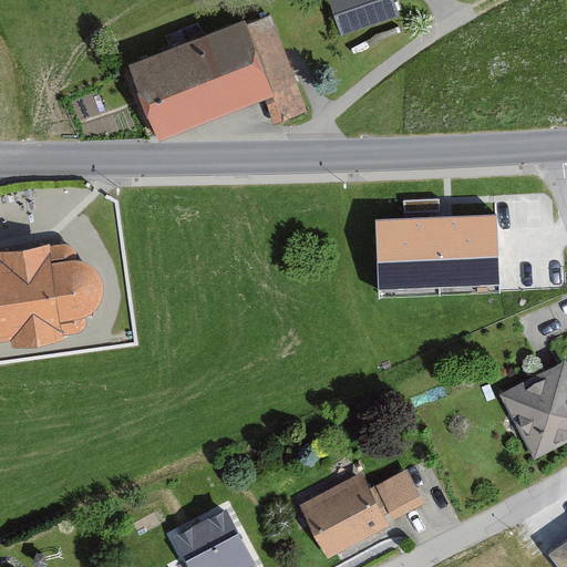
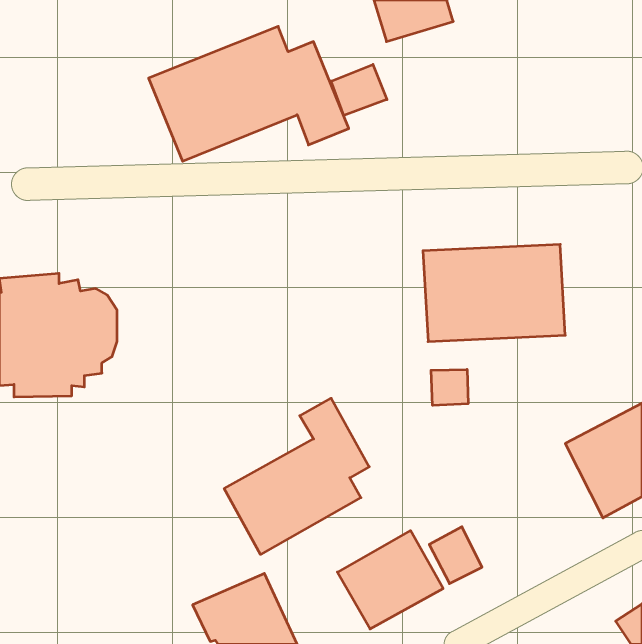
building: none -> [331,64,387,116]
building: none -> [431,369,468,405]
building: none -> [224,398,369,554]

